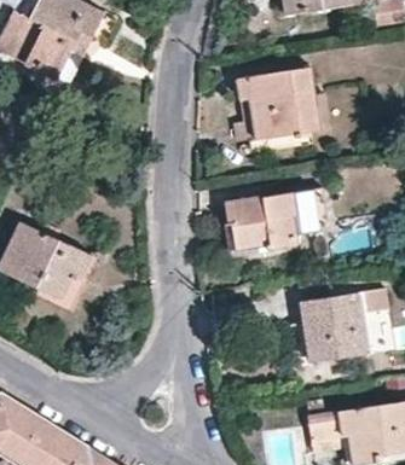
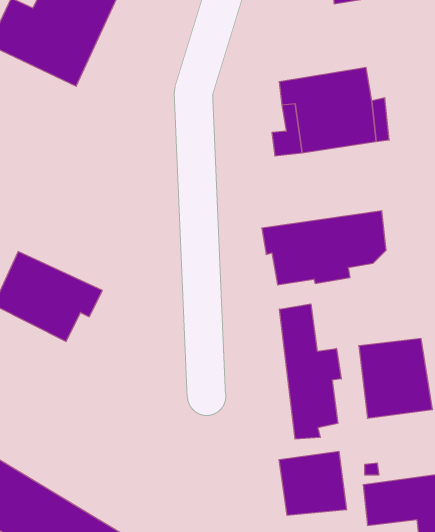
building: none -> [279,304,341,439]
building: none -> [279,451,346,515]

